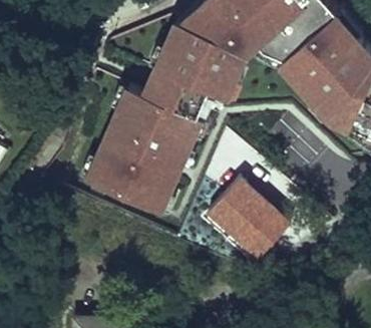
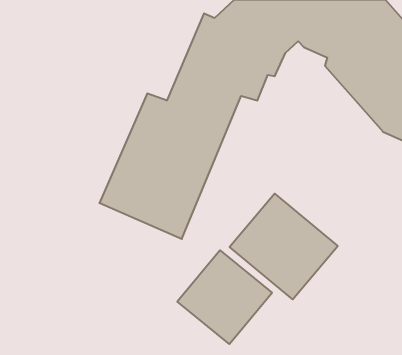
building: none -> [177,250,272,344]

